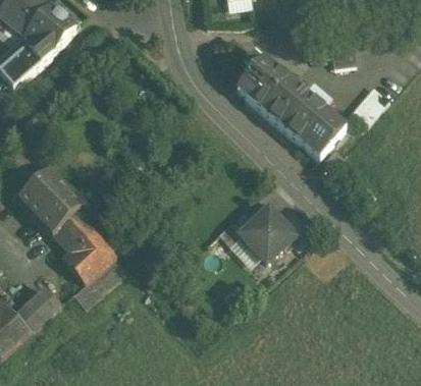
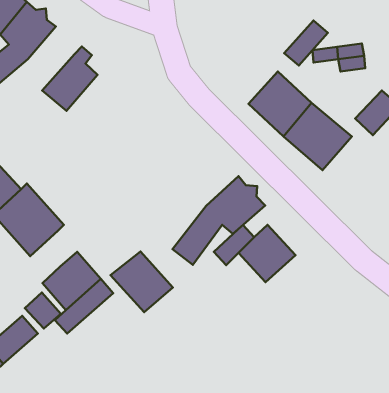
building: none -> [42,46,98,111]
building: [238,56,277,97] -> [284,21,328,65]
building: none -> [173,176,265,265]
building: [62,212,95,244] -> [25,293,61,328]
building: none -> [111,252,173,312]

